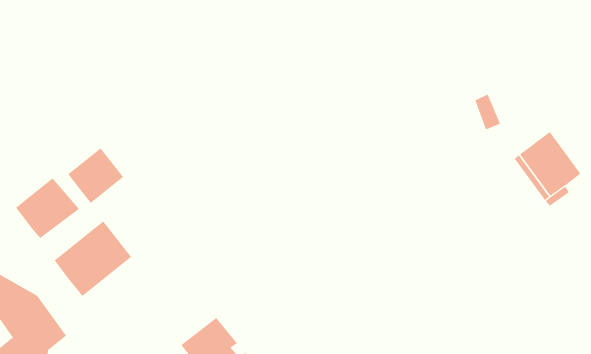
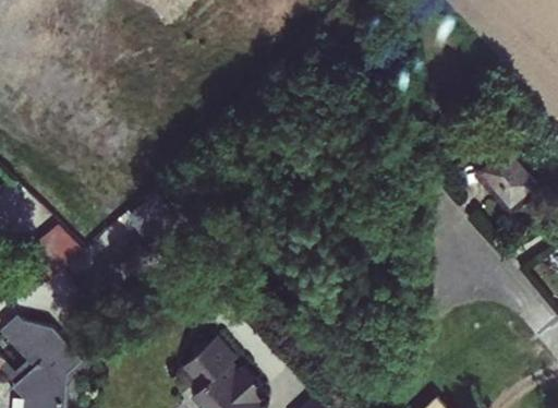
building: [68,147,124,204] -> none
building: [54,220,132,297] -> none

